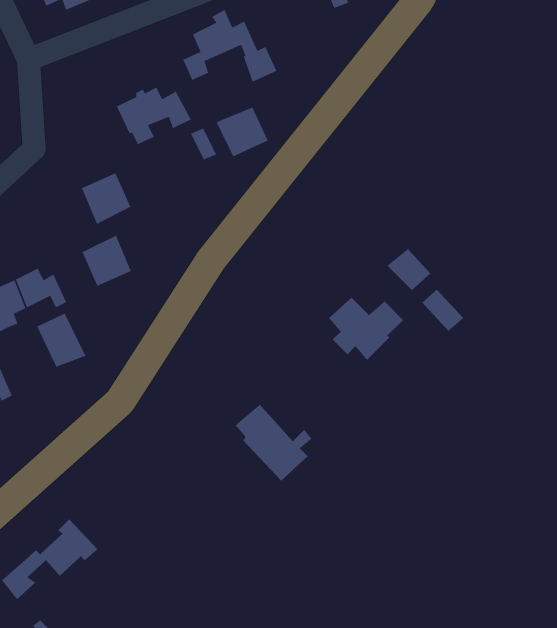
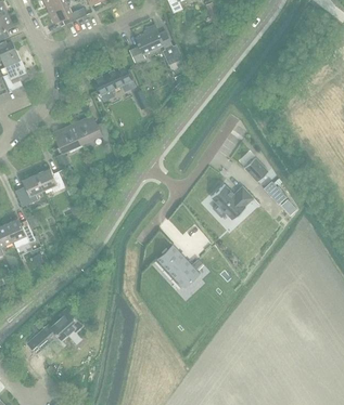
building: [216,107,269,157] -> none
building: [81,234,132,287] -> [53,123,81,153]
building: [36,313,86,368] -> none

